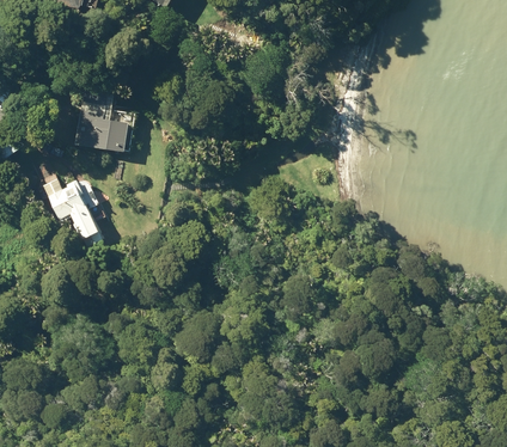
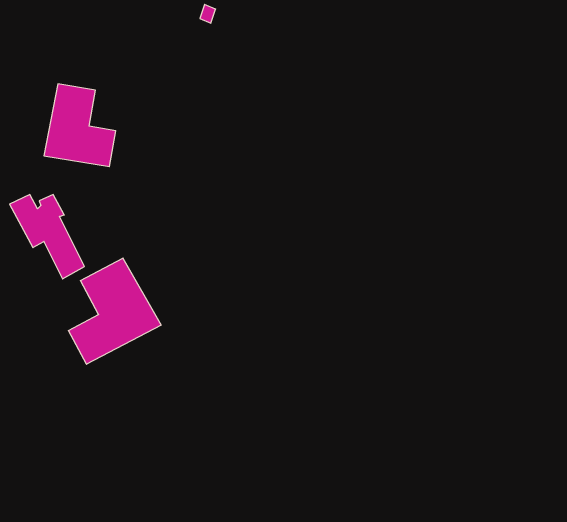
building: none -> [68,258,161,364]

